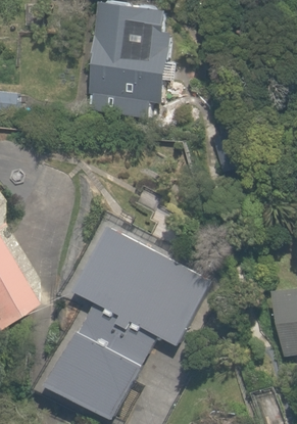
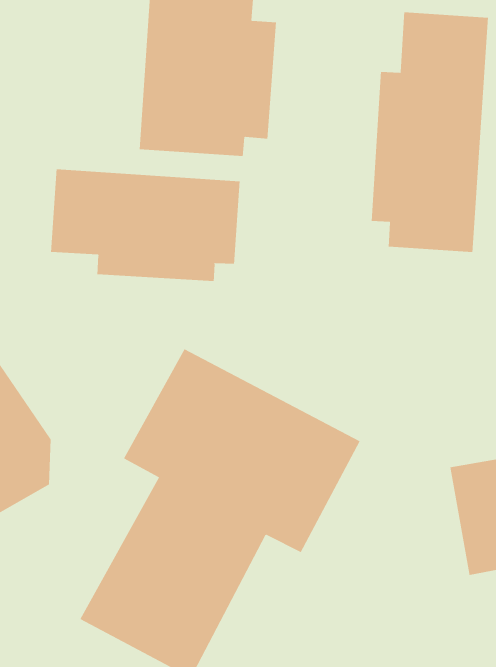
building: none -> [371,12,488,253]
building: none -> [51,169,240,282]

